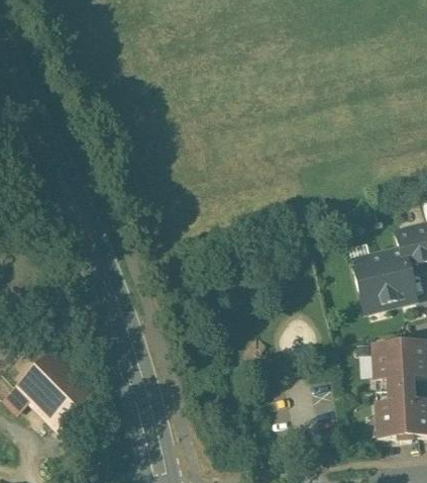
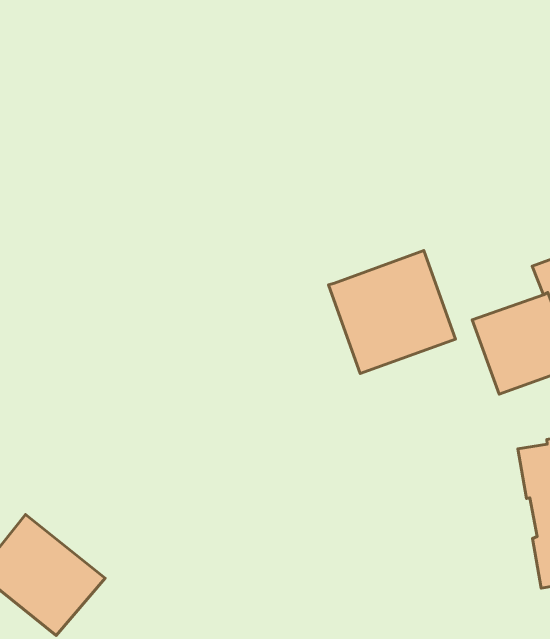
building: none -> [329,250,455,373]

